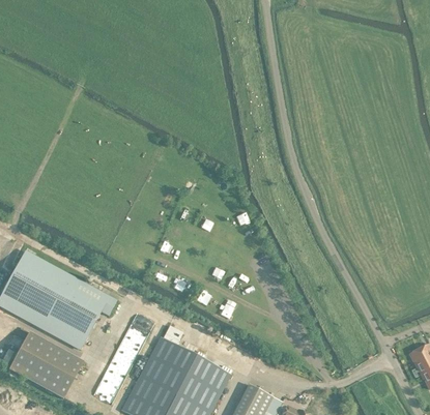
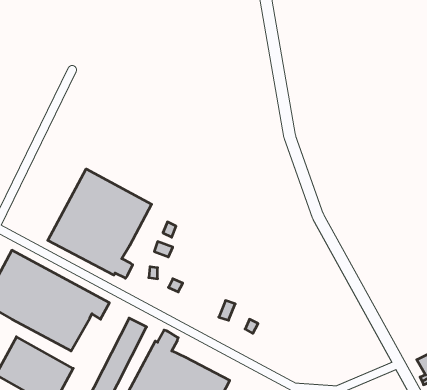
building: none -> [48,169,152,278]

